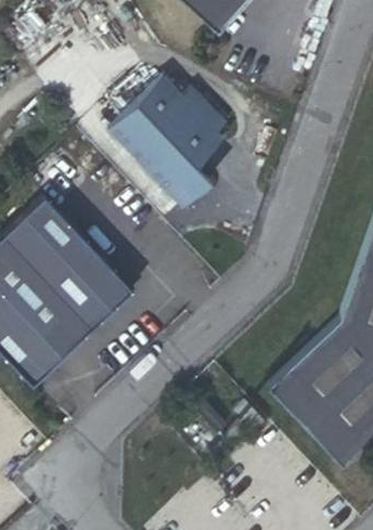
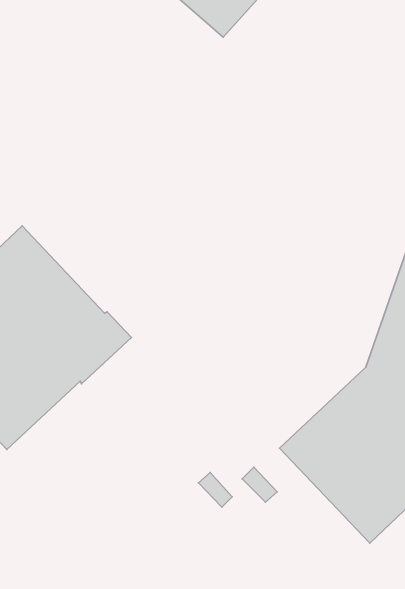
building: [112,78,231,210] -> none

